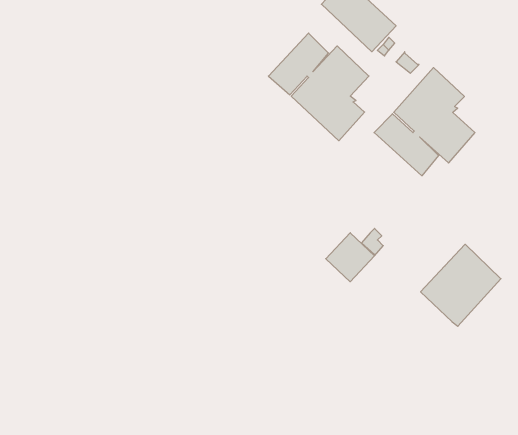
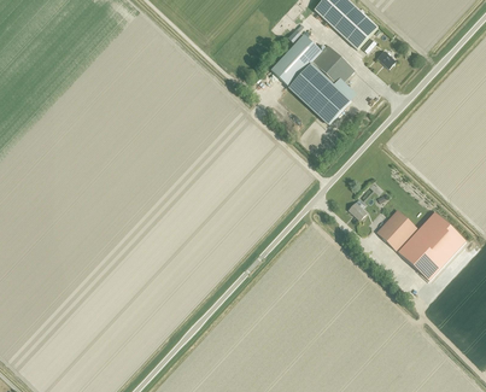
building: [374,68,475,176] -> none
building: [326,233,375,282] -> [376,210,417,251]

